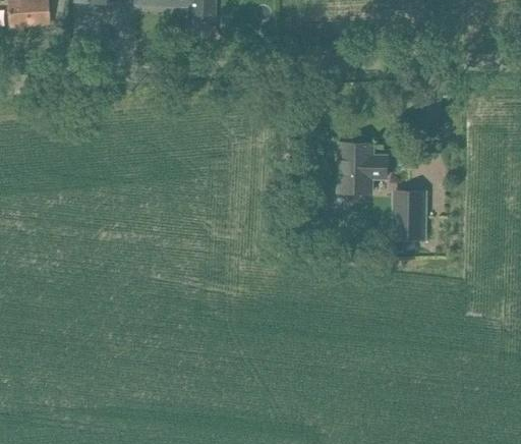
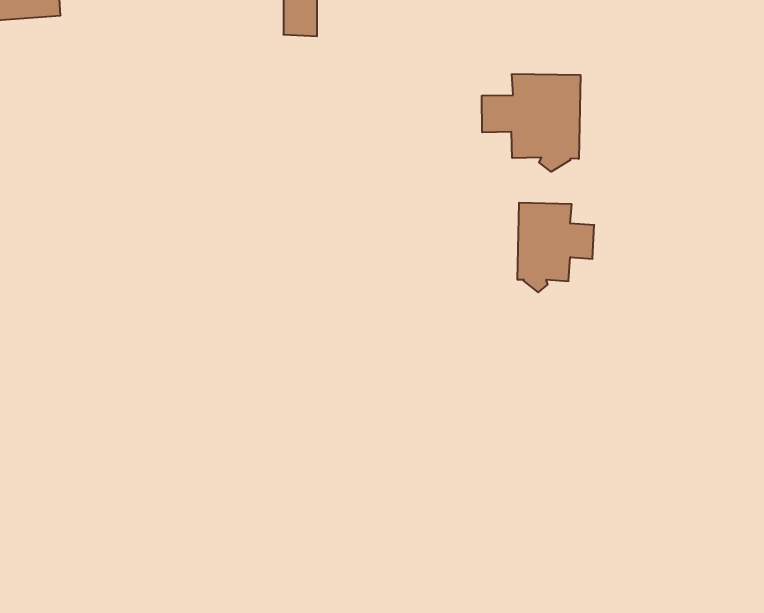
building: none -> [482,74,580,172]
building: [394,191,424,247] -> none

